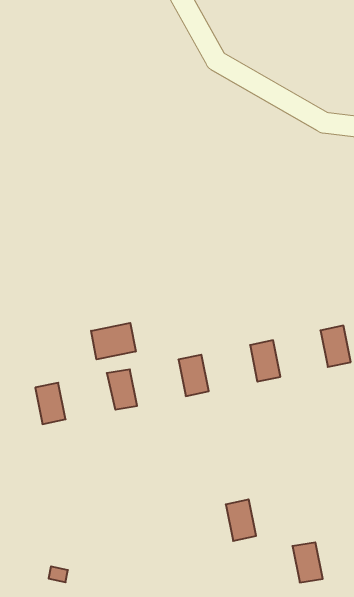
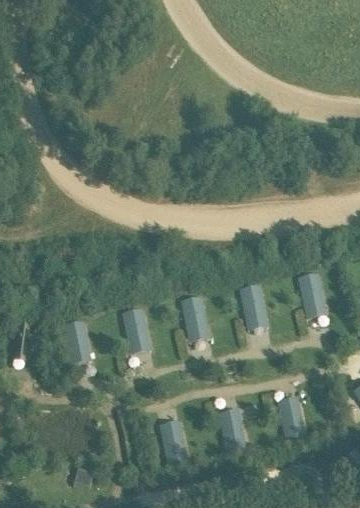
building: [91,323,136,359] -> none
building: none -> [162,428,187,462]
building: [292,542,323,582] -> [280,405,305,438]

